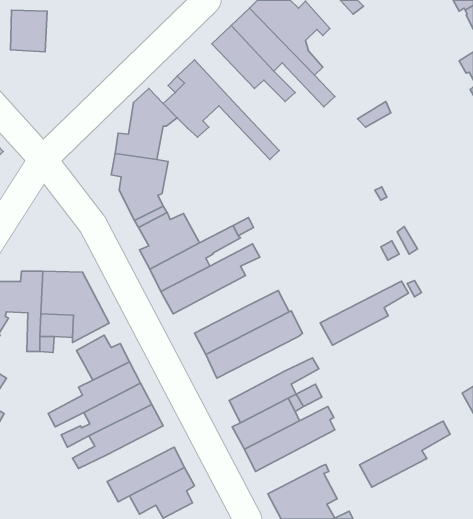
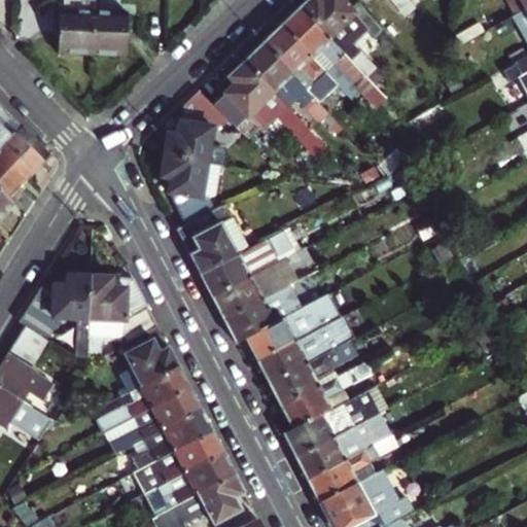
building: none -> [93,11,128,55]
building: none -> [244,44,327,122]
building: [320,281,409,345] -> [267,341,356,406]
building: none -> [222,285,297,343]
building: [360,421,450,487] -> [306,433,397,500]
building: none -> [132,431,223,496]

